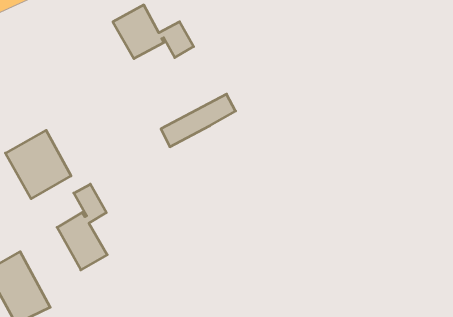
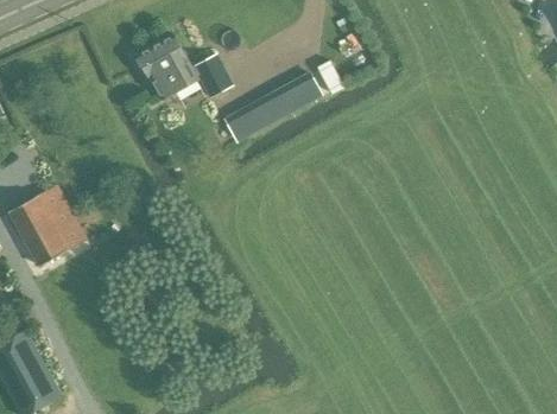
building: [161,94,236,147] -> [233,75,322,138]
building: [57,184,107,270] -> none

